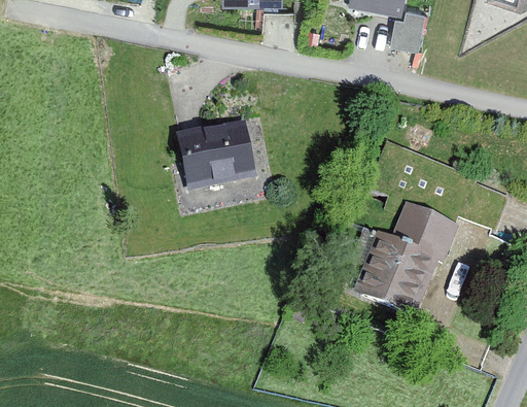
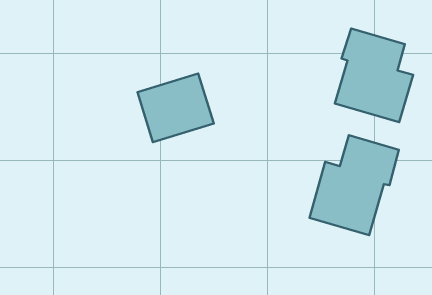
building: none -> [335,29,413,122]

